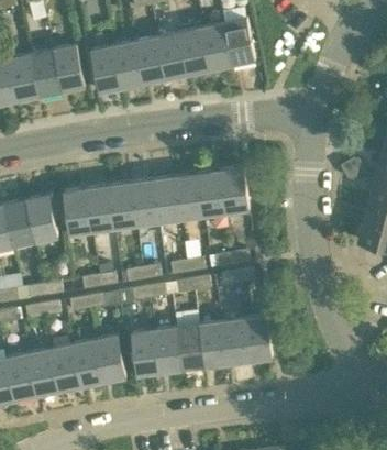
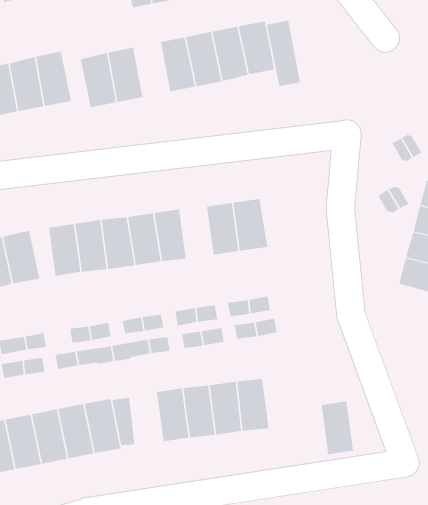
building: none -> [266,20,301,87]
building: [135,37,165,84] -> none
building: [174,175,201,219] -> none
building: [243,316,270,361] -> [321,401,354,455]
building: [131,330,159,374] -> none

